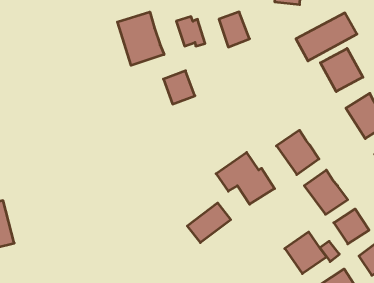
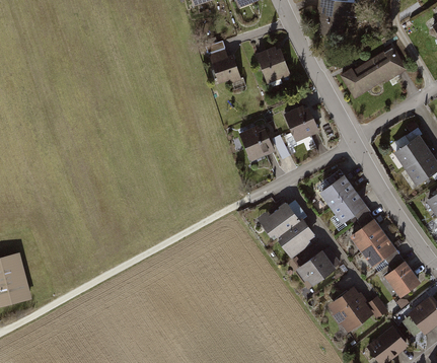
building: [117,12,164,65] -> none
building: [320,48,363,92] -> none
building: none -> [283,102,318,141]
building: [163,71,195,104] -> [239,125,274,161]
building: [187,203,231,243] -> [293,244,341,288]

